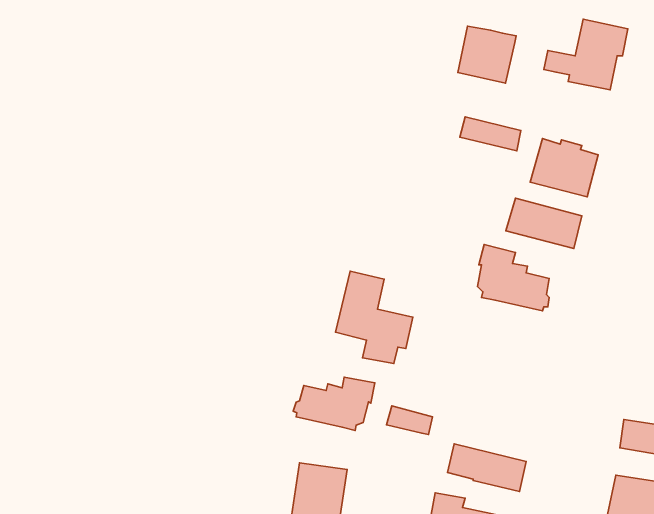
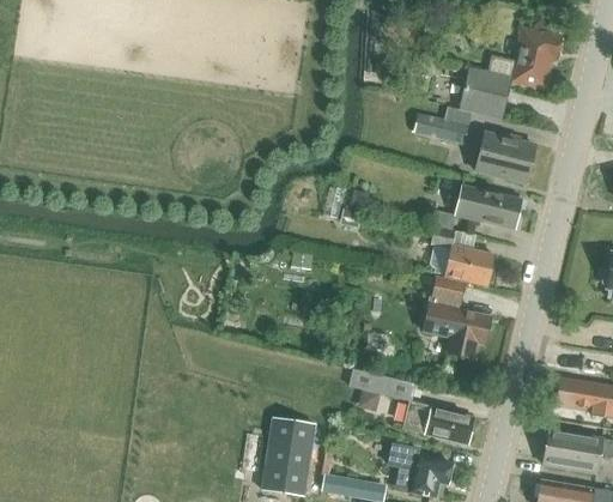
building: [458,26,516,83] -> [460,67,511,117]
building: [335,271,413,363] -> [423,276,491,357]
building: [293,377,375,430] -> none

